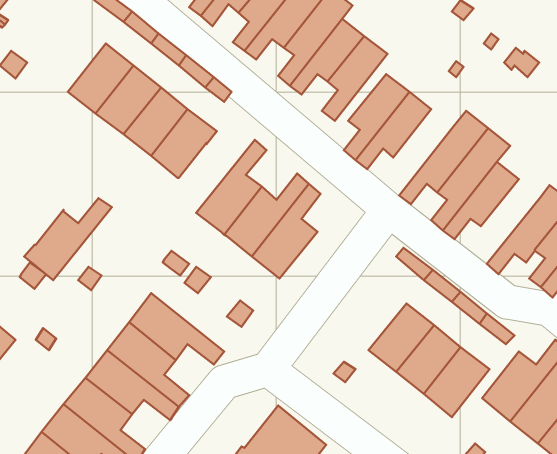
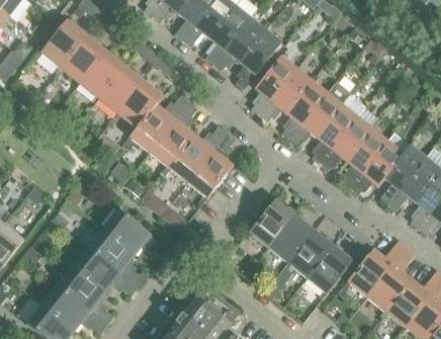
building: none -> [41,19,87,68]
building: none -> [282,80,328,140]
building: none -> [343,129,388,187]
building: [24,198,112,280] -> [129,95,190,152]
building: none -> [250,198,295,247]

